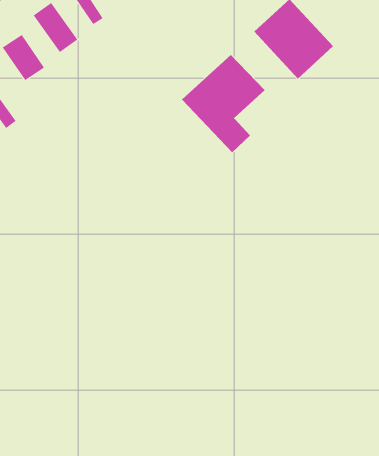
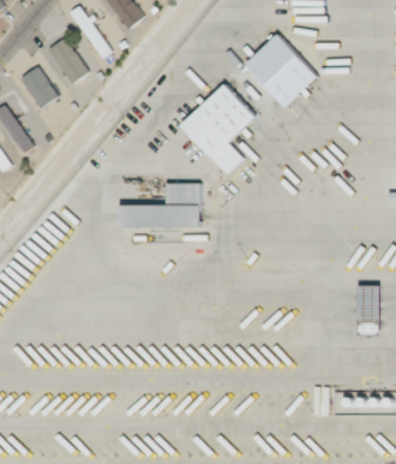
building: none -> [119,183,199,227]

